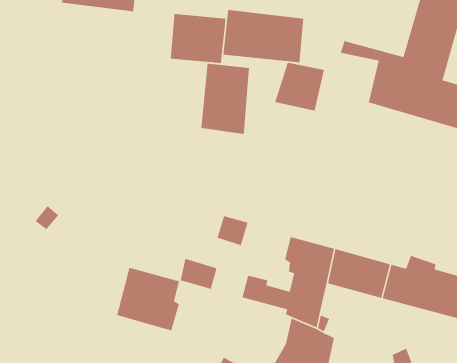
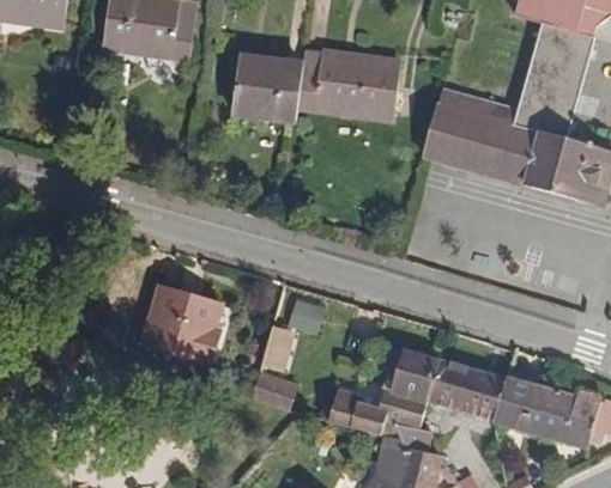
building: [274,62,325,111] -> [427,112,488,172]
building: [201,63,250,135] -> none
building: [116,267,180,332] -> [133,280,210,358]

